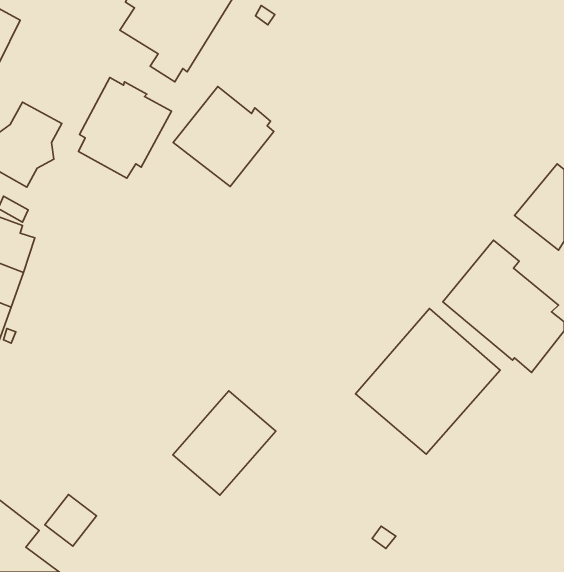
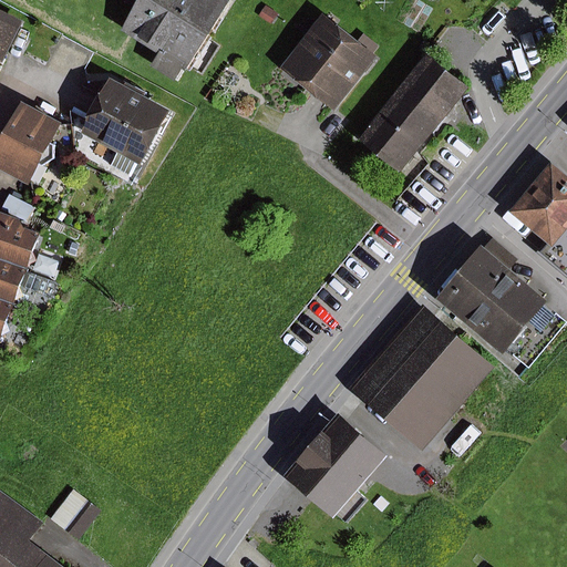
building: none -> [358,53,467,172]
building: [173,87,274,186] -> [277,11,377,110]
building: [173,391,276,495] -> [286,414,388,517]

